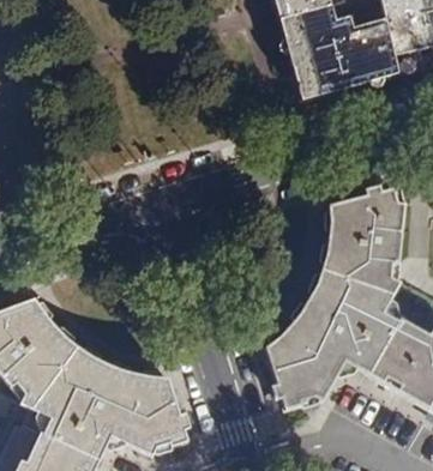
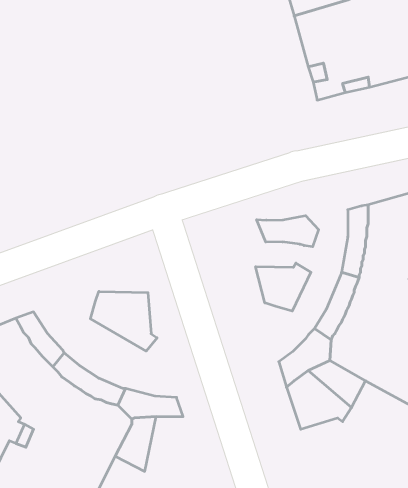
building: none -> [257,216,319,247]
building: none -> [256,263,311,311]
building: none -> [90,291,157,351]
building: [140,394,190,453] -> none

